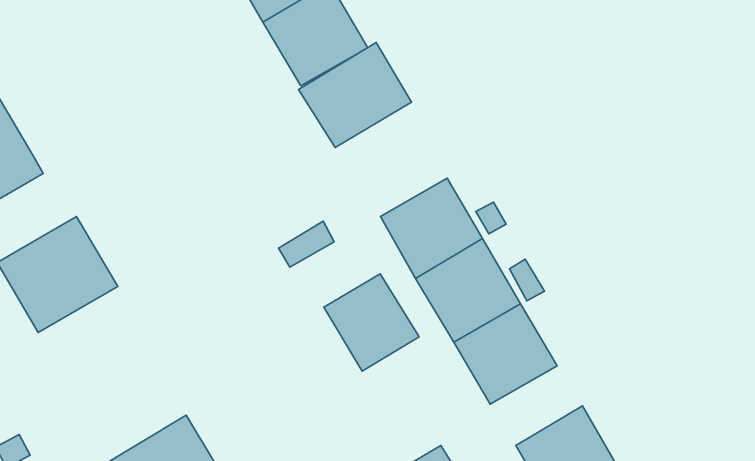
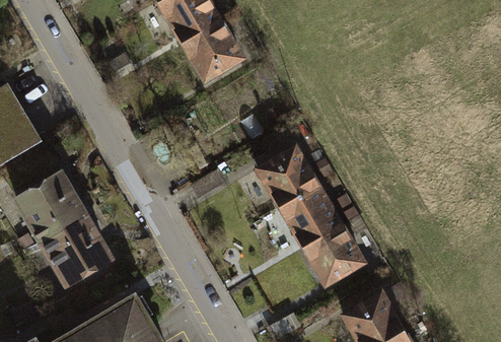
building: [299,43,412,147] -> none
building: [324,274,419,371] -> none
building: none -> [38,214,114,288]

